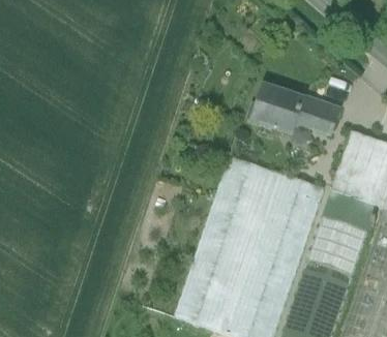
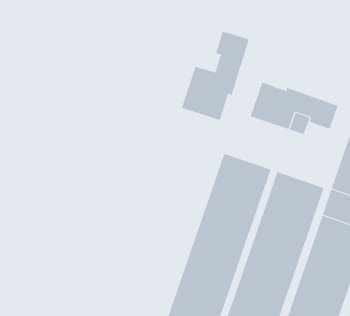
building: none -> [181,31,249,121]

